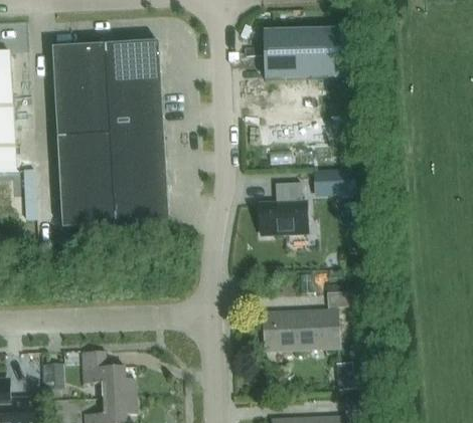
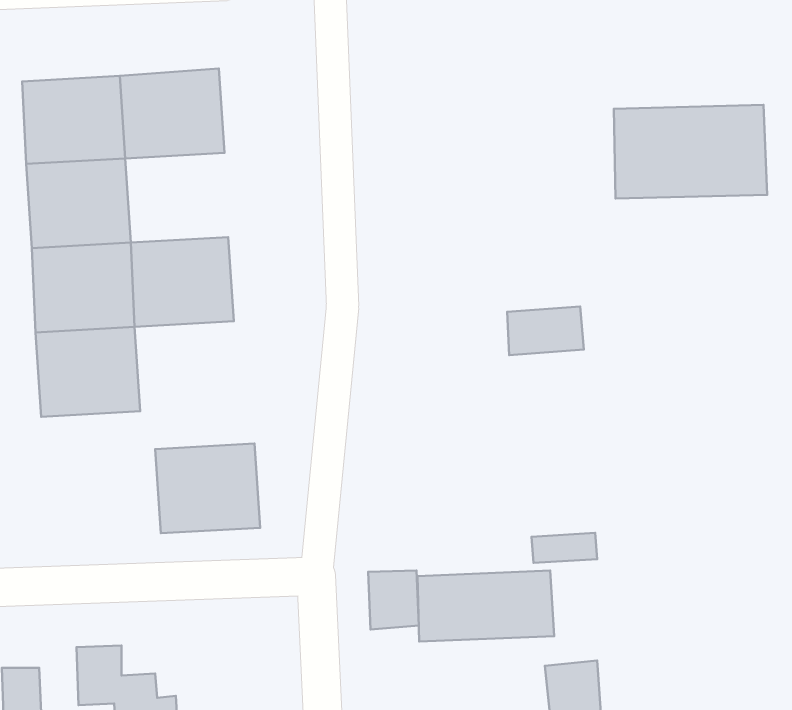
building: [263,29,345,79] -> [614,105,767,199]
building: [108,86,163,135] -> none
building: [113,177,169,225] -> [155,443,260,533]
building: [260,182,308,233] -> none
building: none -> [368,570,419,629]

